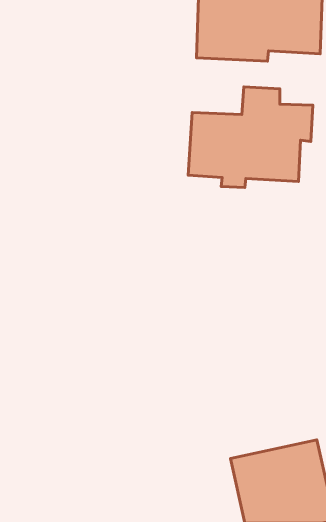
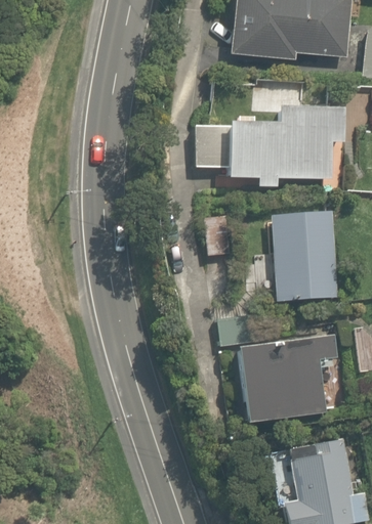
building: none -> [275,209,341,300]
building: none -> [230,331,345,424]

